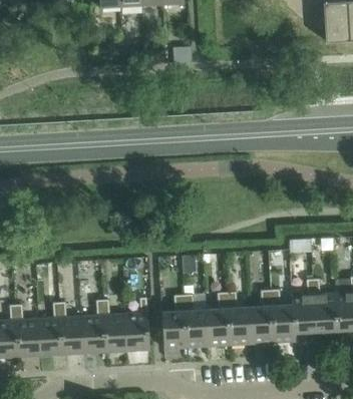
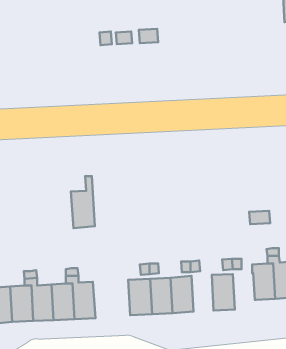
building: [124,298,149,352] -> [71,176,95,228]
building: [271,305,296,343] -> none
building: [228,307,251,345] -> none

